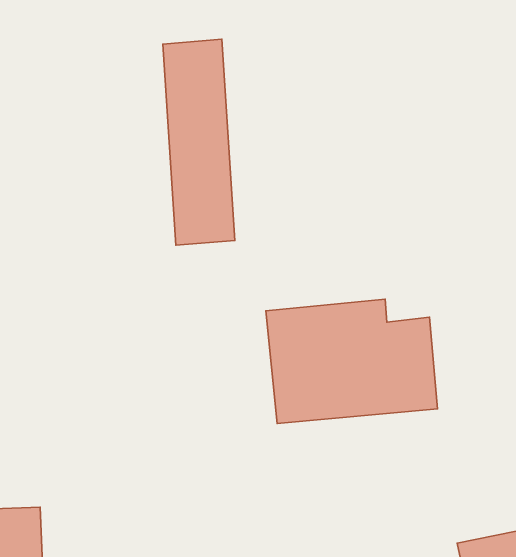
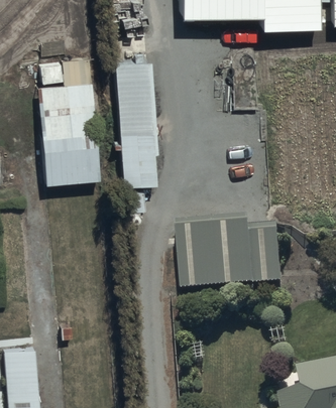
building: none -> [39,59,102,185]

